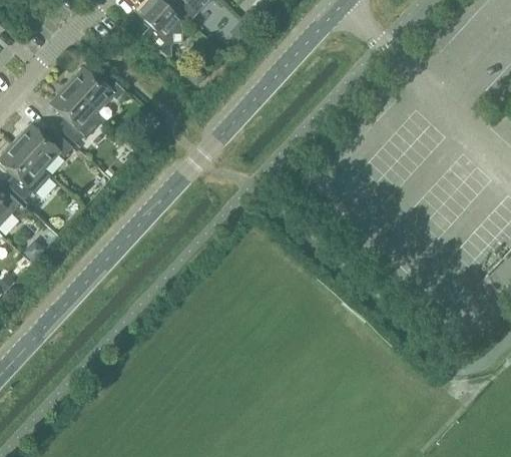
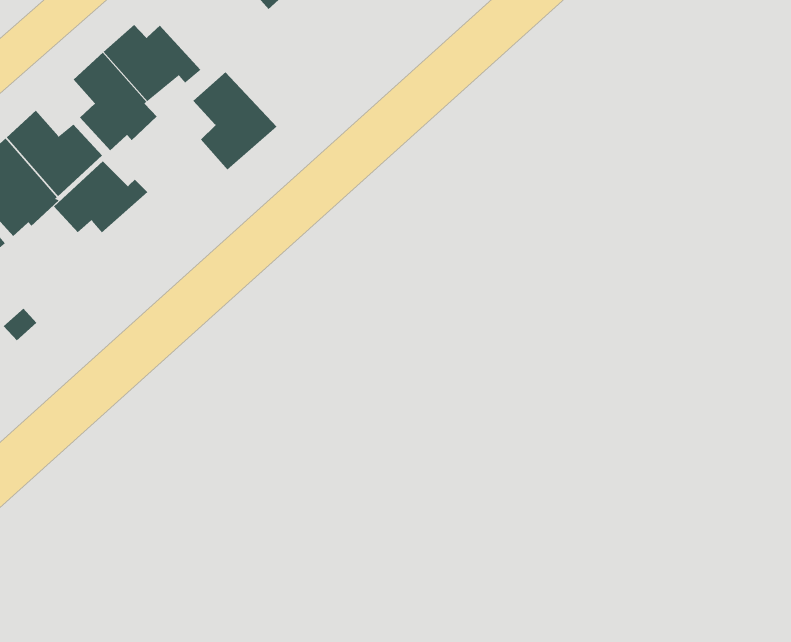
building: none -> [192,71,277,171]
building: none -> [53,161,148,233]

